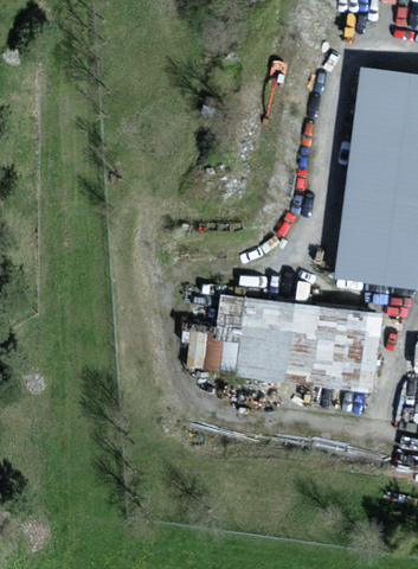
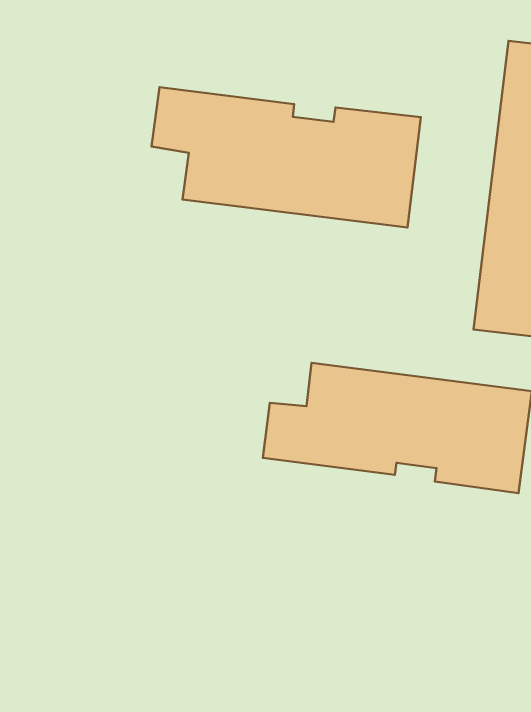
building: none -> [152,87,421,227]

